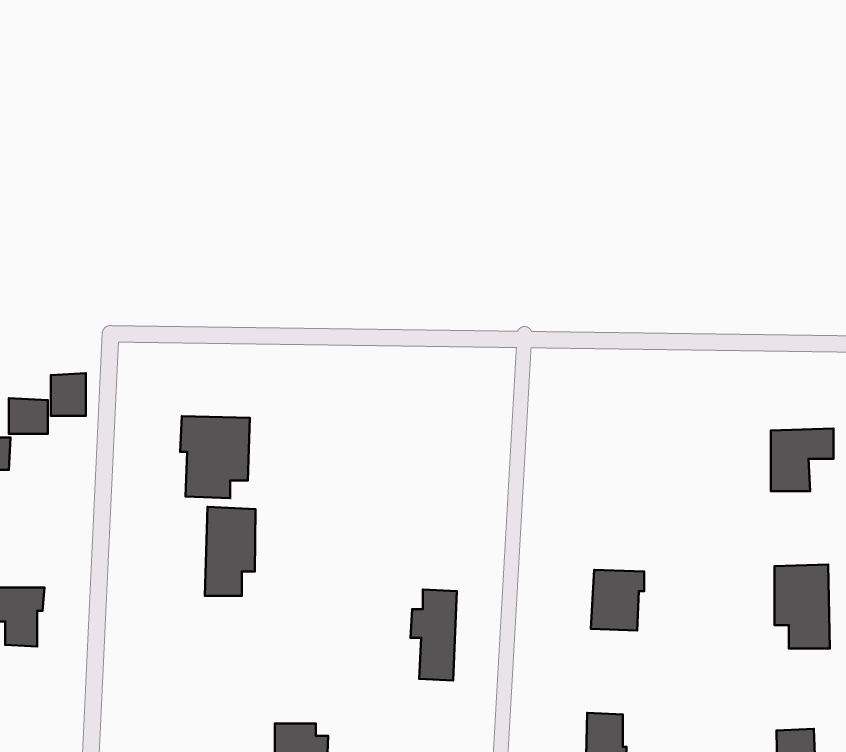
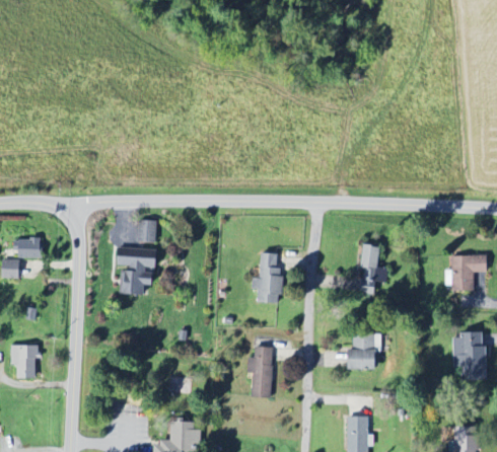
building: none -> [137,219,155,241]
building: [51,373,86,416] -> none
building: none -> [359,243,380,295]
building: none -> [252,251,281,303]
building: [205,507,255,596] -> none

